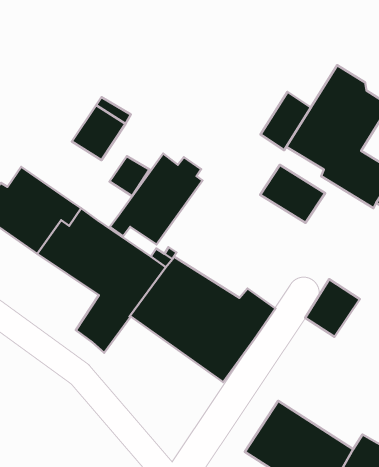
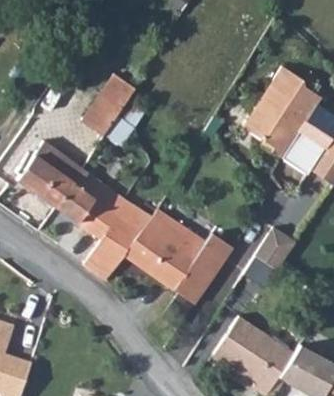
building: [261,92,311,150] -> none
building: [110,153,202,244] -> none
building: [260,165,325,223] -> none

